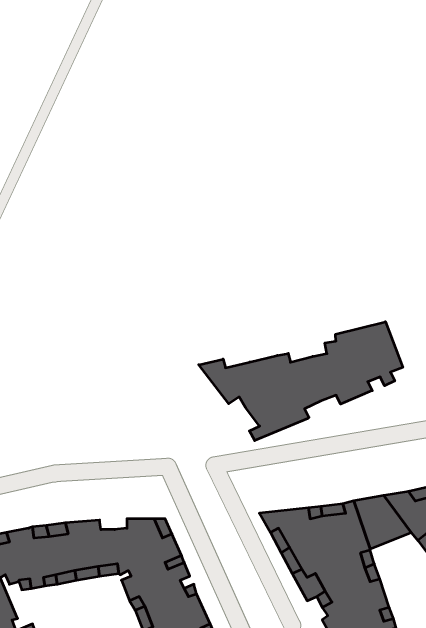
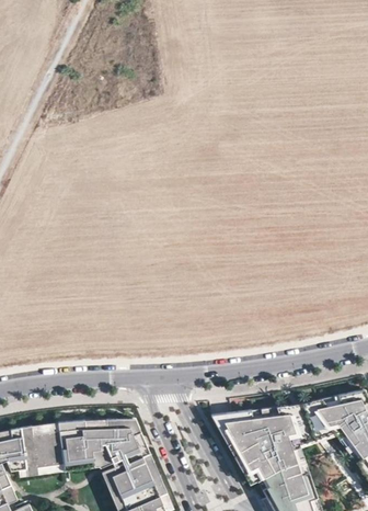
building: [199,322,403,441] -> none

